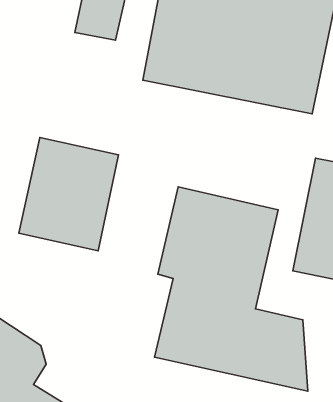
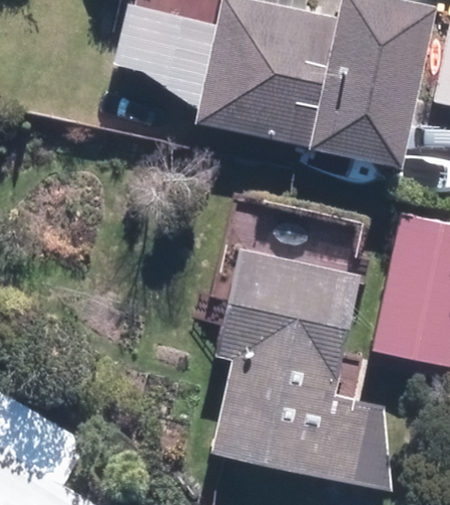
building: [19,138,118,251] -> none

